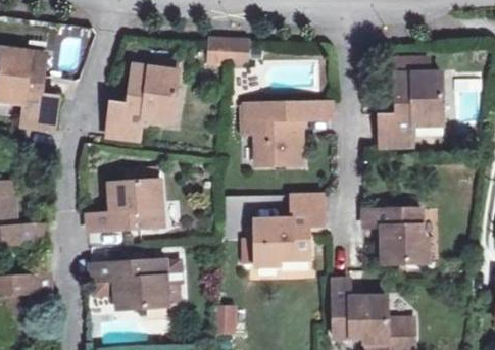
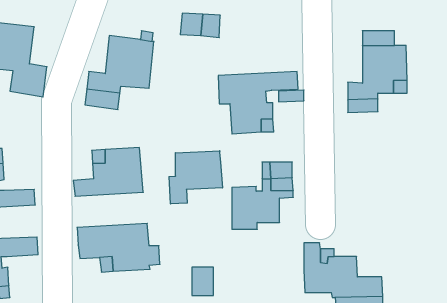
building: none -> [169,151,222,204]
building: [363,205,425,259] -> none

